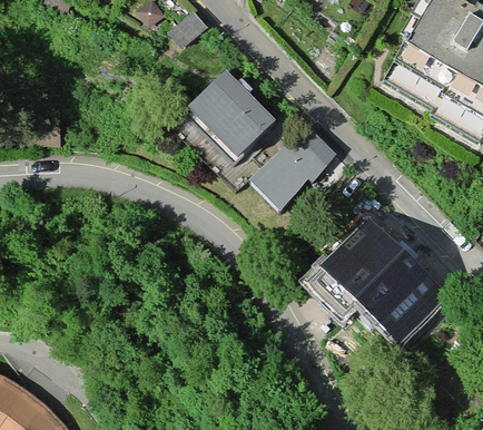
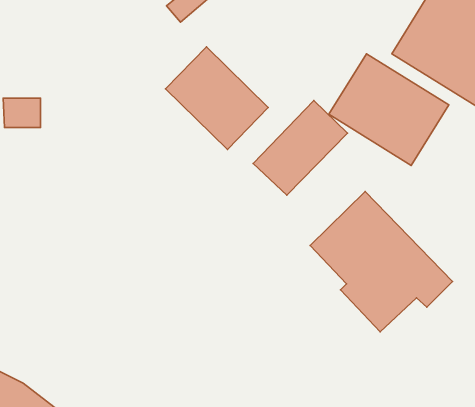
building: none -> [329,54,449,165]

